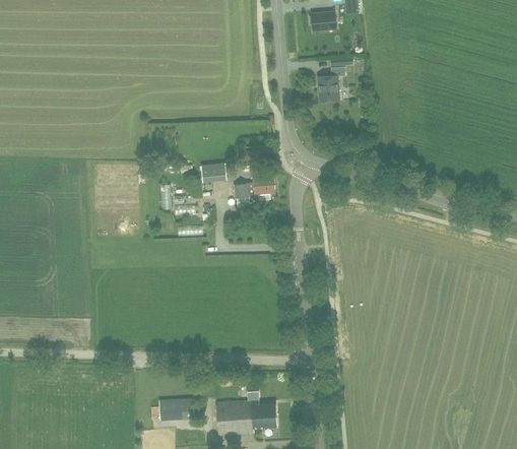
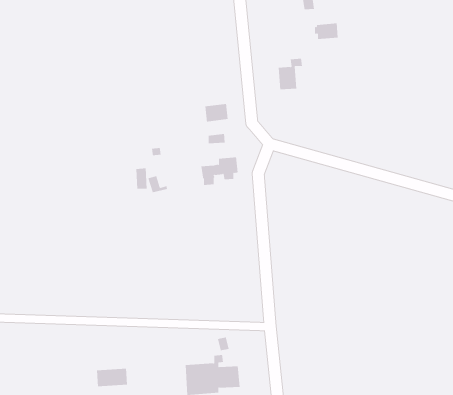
building: [309,11,335,29] -> [314,23,338,40]
building: [200,162,227,182] -> [204,103,229,122]
building: [158,398,193,419] -> [96,368,128,387]

